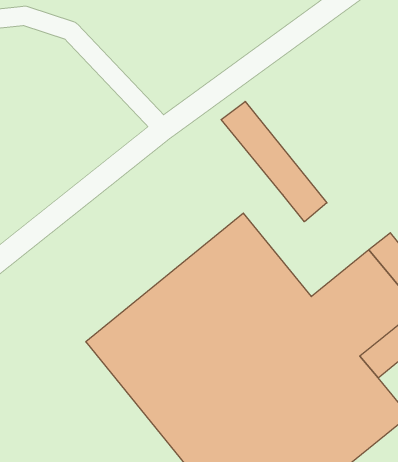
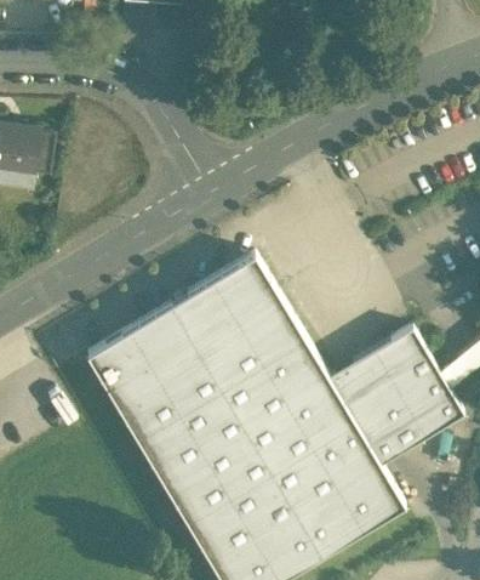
building: [221,101,327,222] -> none
building: none -> [87,256,276,393]

